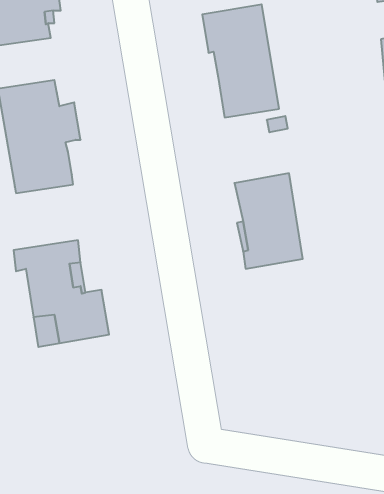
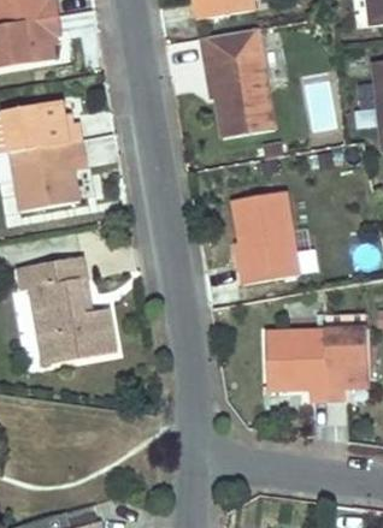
building: none -> [265,327,371,401]

